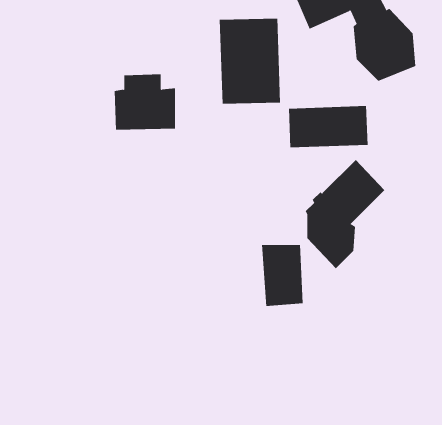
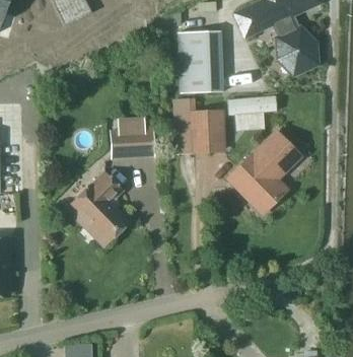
building: [114,74,176,130] -> [110,118,154,158]
building: none -> [66,172,128,242]
building: [261,244,304,306] -> [195,110,225,154]

